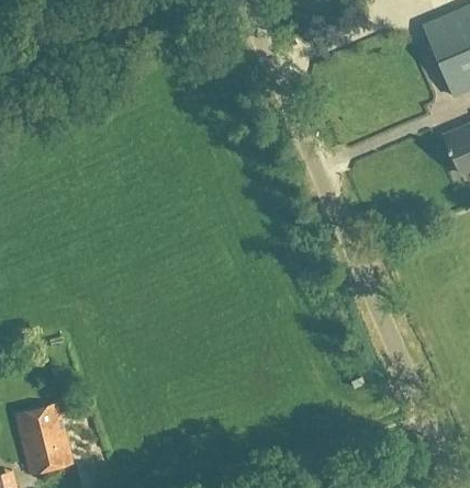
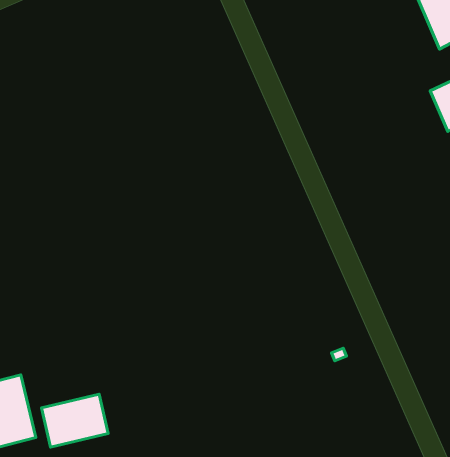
building: none -> [42,394,108,447]

